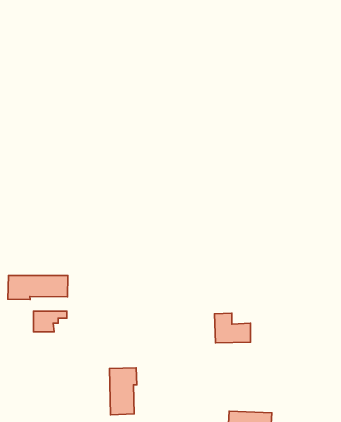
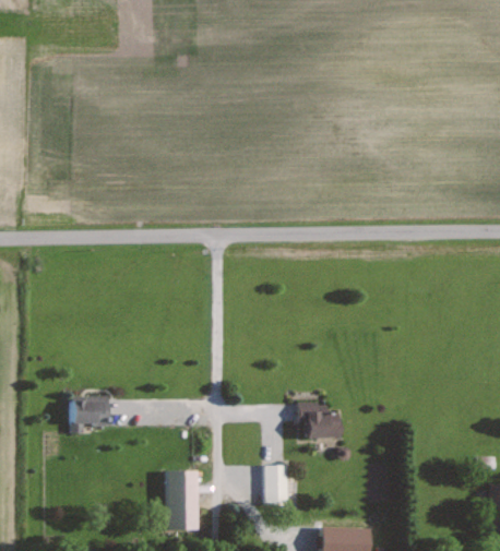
building: [8,276,68,300] -> none
building: none -> [266,465,290,504]

